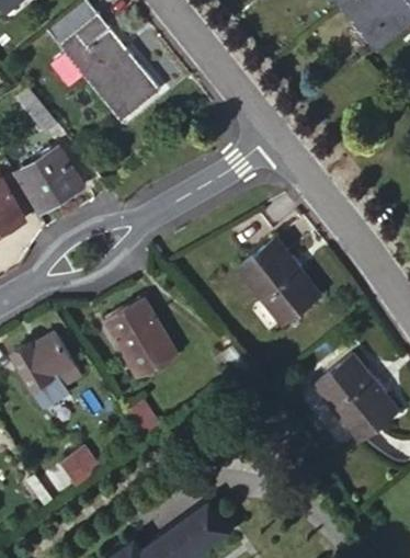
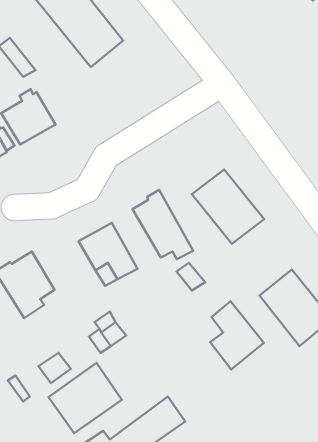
building: none -> [133,190,193,259]
building: none -> [210,301,264,370]
building: none -> [49,363,122,433]

